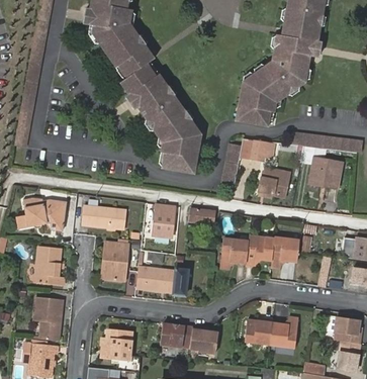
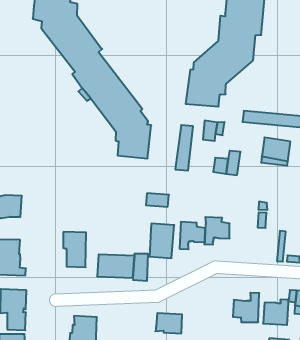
building: [148,203,175,240] -> [150,224,174,258]
building: [80,204,124,227] -> none
building: [271,236,299,267] -> none
building: [245,318,272,345] -> [263,300,288,325]
building: [160,323,193,347] -> none

